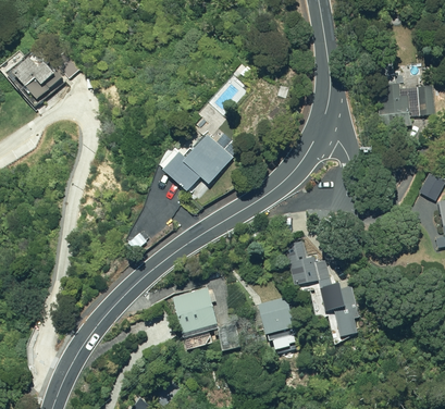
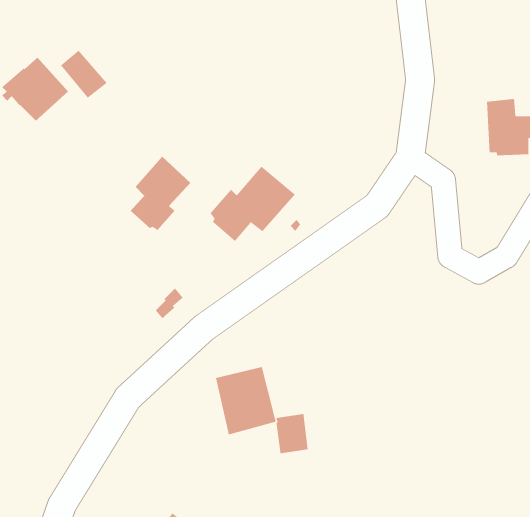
building: none -> [130,156,191,231]
building: [284,239,358,337] -> none
building: [258,296,295,349] -> none

